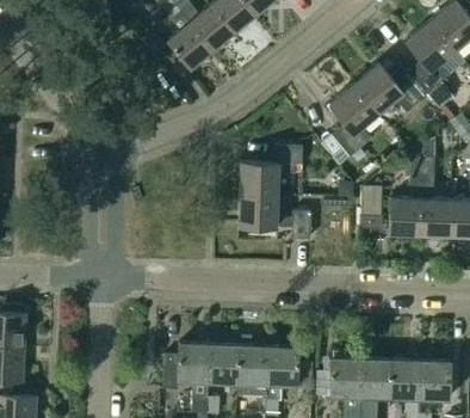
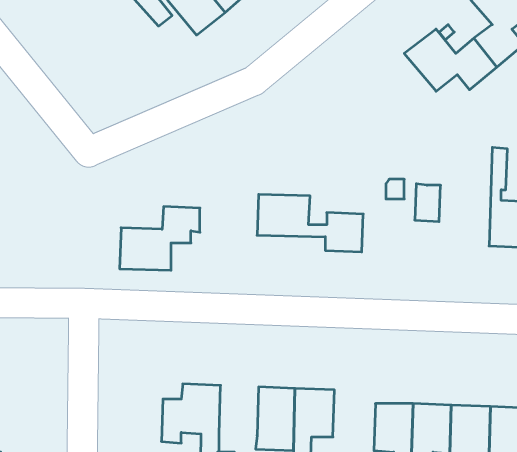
building: [329,82,378,156] -> none
building: [239,145,302,195] -> [120,207,200,270]
building: [389,156,422,234] -> none
building: [208,344,239,383] -> none

